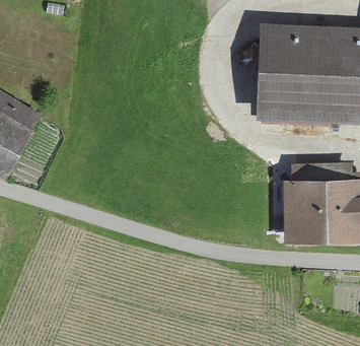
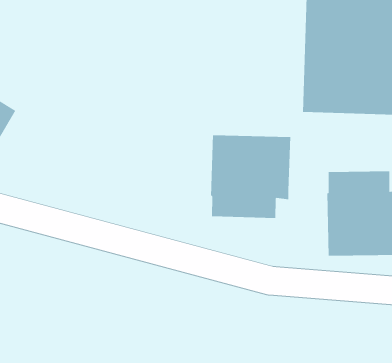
building: none -> [210,134,291,219]

